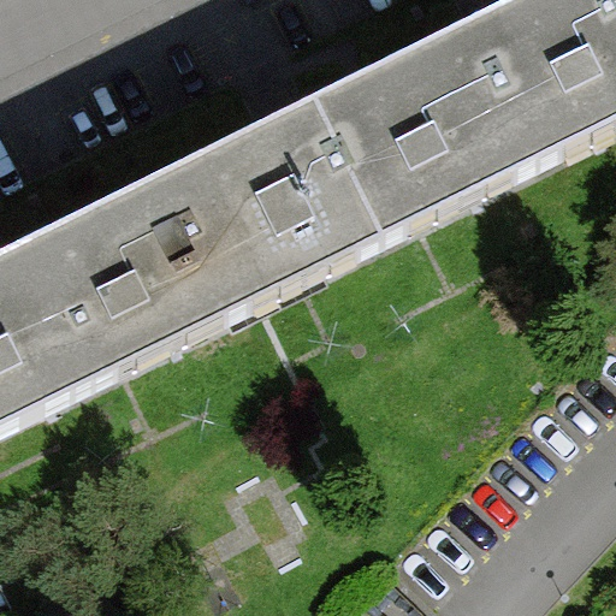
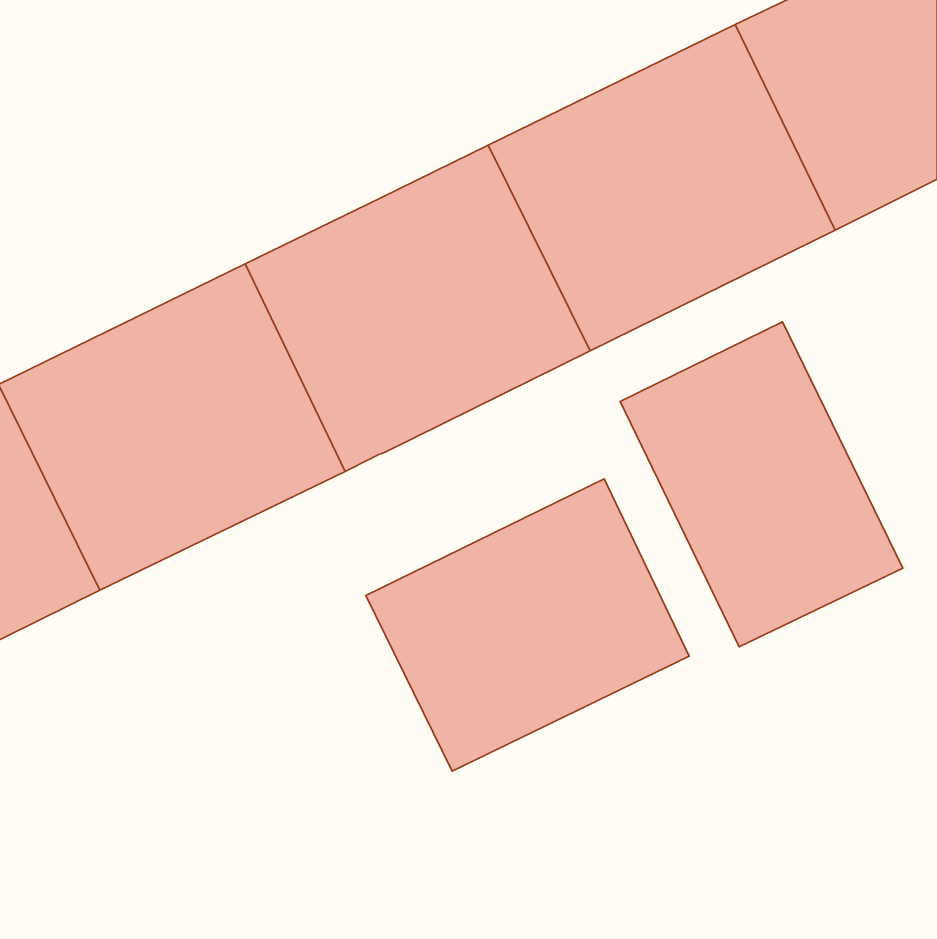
building: none -> [620,322,903,647]
building: none -> [366,479,689,771]

